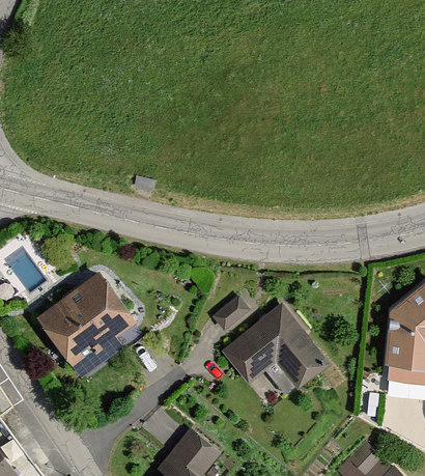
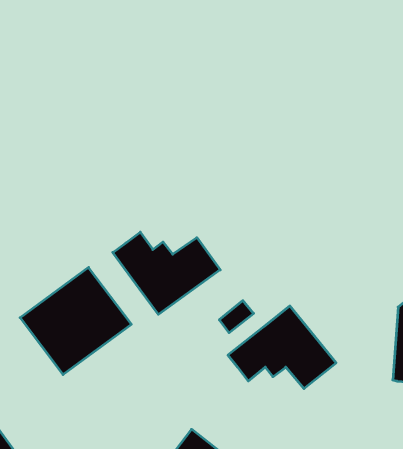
building: none -> [113,232,220,314]

